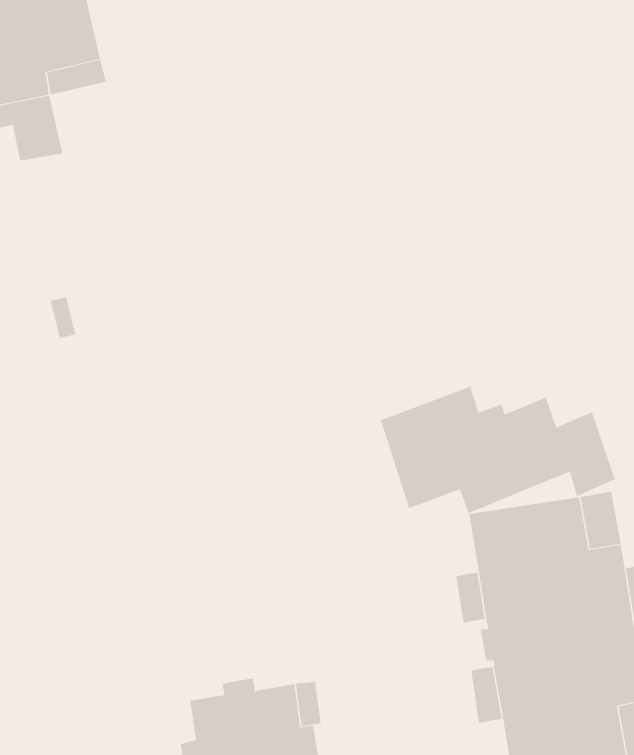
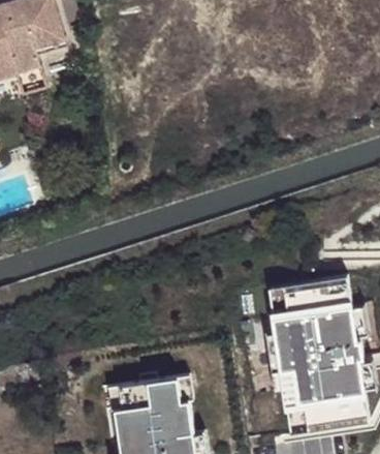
building: [380,386,615,514] -> none

